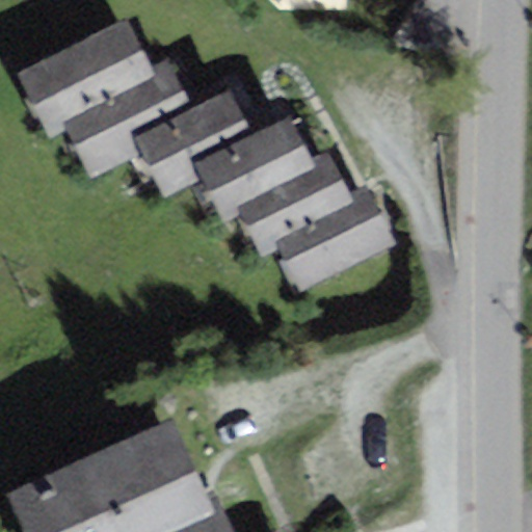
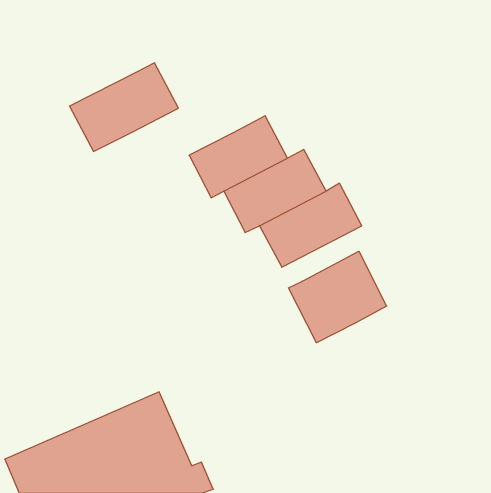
building: [24,25,149,127] -> none
building: [142,98,250,187] -> none
building: none -> [289,251,387,343]

